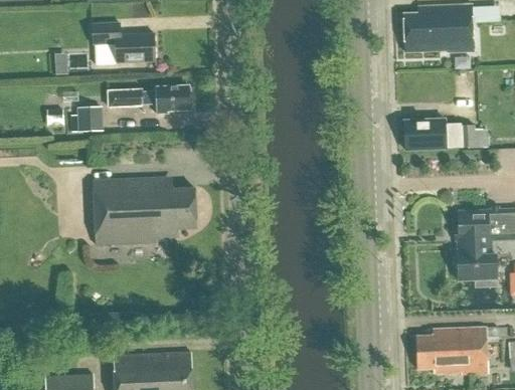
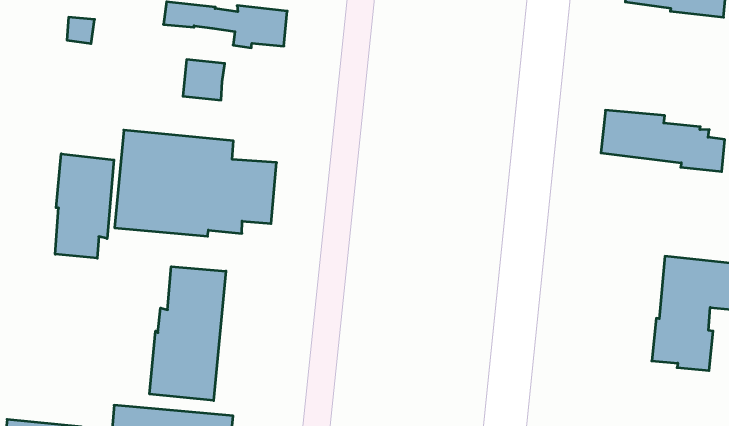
building: [76,106,103,131] -> [183,60,225,100]
building: none -> [55,154,114,258]
building: none -> [150,267,226,401]

